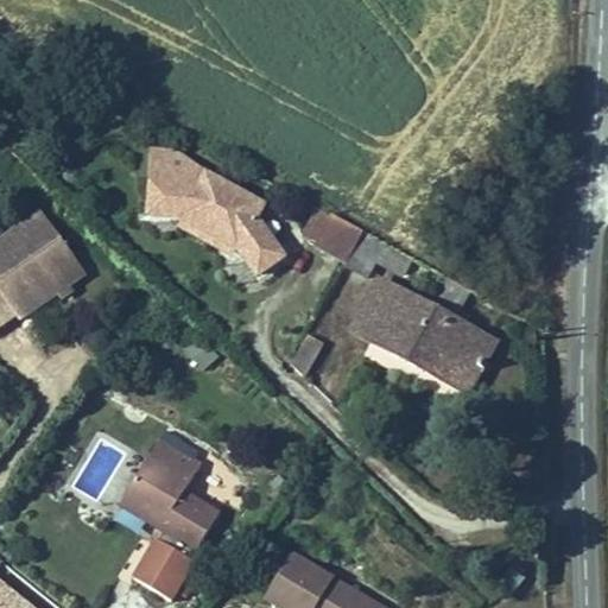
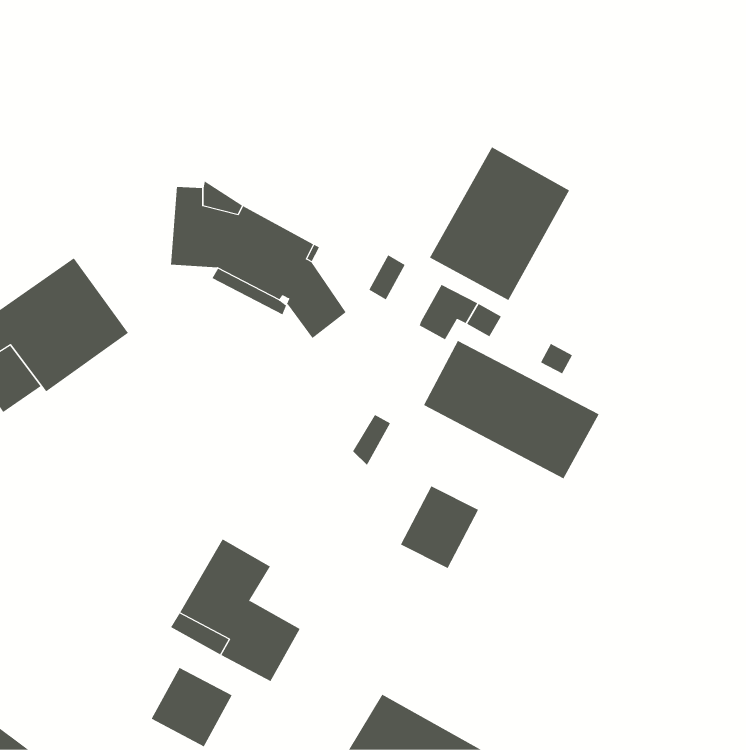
building: none -> [429,147,570,301]
building: [309,213,354,258] -> none
building: none -> [400,486,479,569]

